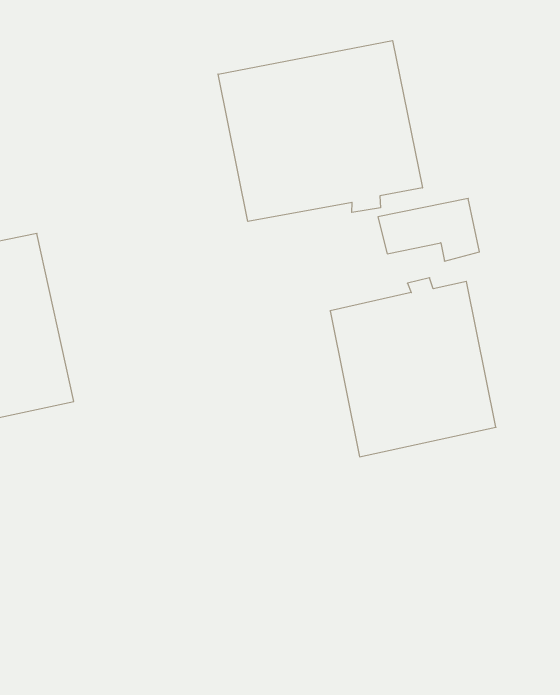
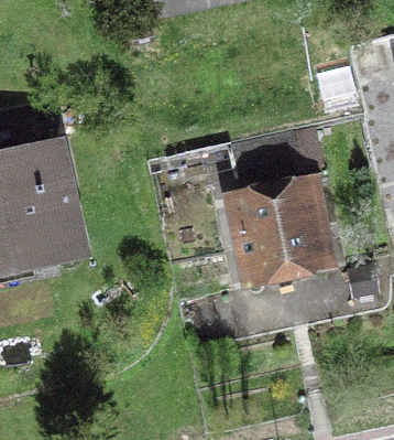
building: [218,41,422,221] -> none

